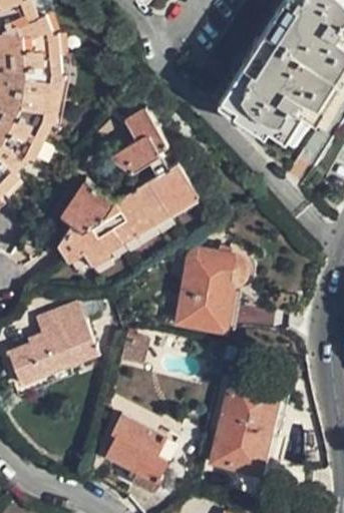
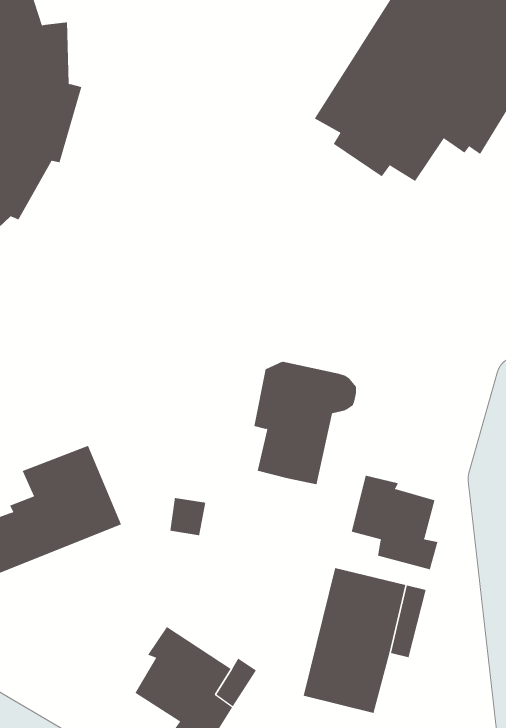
building: [55,110,200,269] -> none
building: none -> [351,475,438,570]

